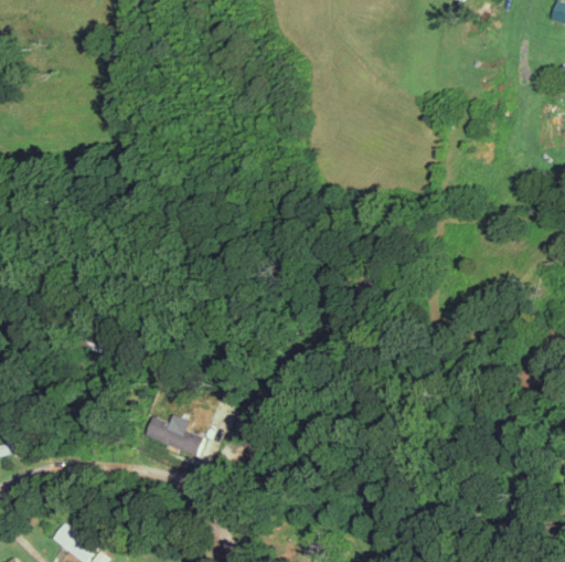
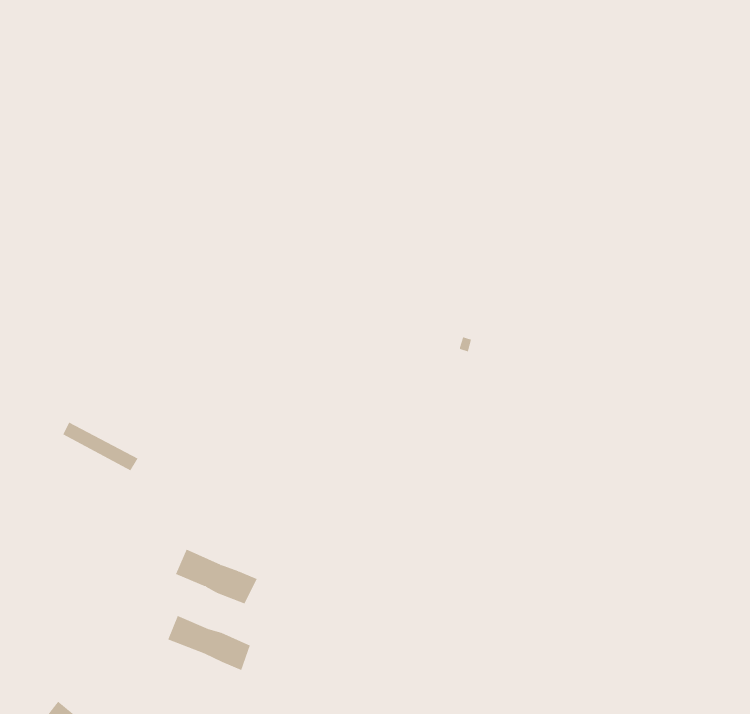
building: none -> [167,615,250,671]

